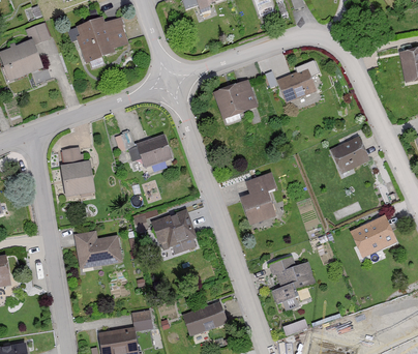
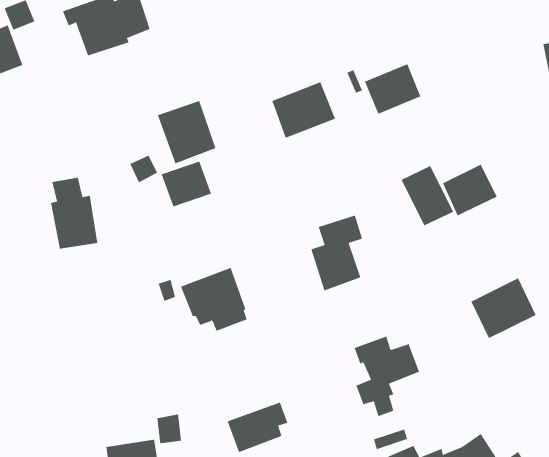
building: none -> [157,100,216,164]
building: none -> [401,165,454,226]
building: [73,230,122,268] -> none

